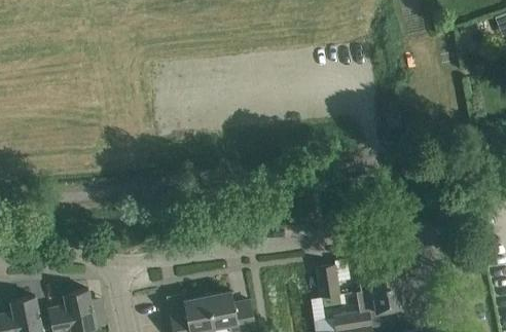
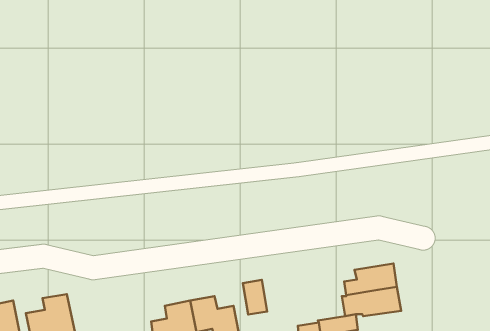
building: [316,265,339,299] -> [243,280,267,315]

